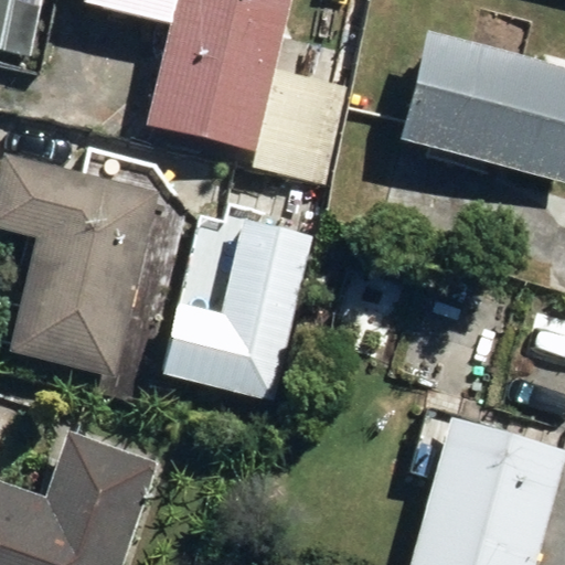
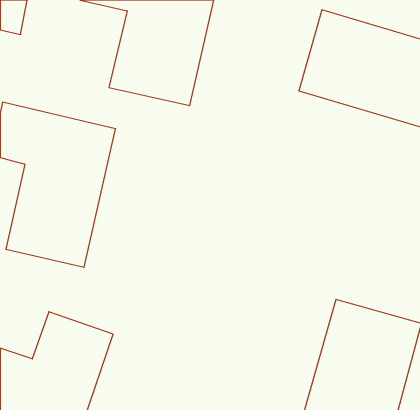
building: [163,213,312,398] -> none

